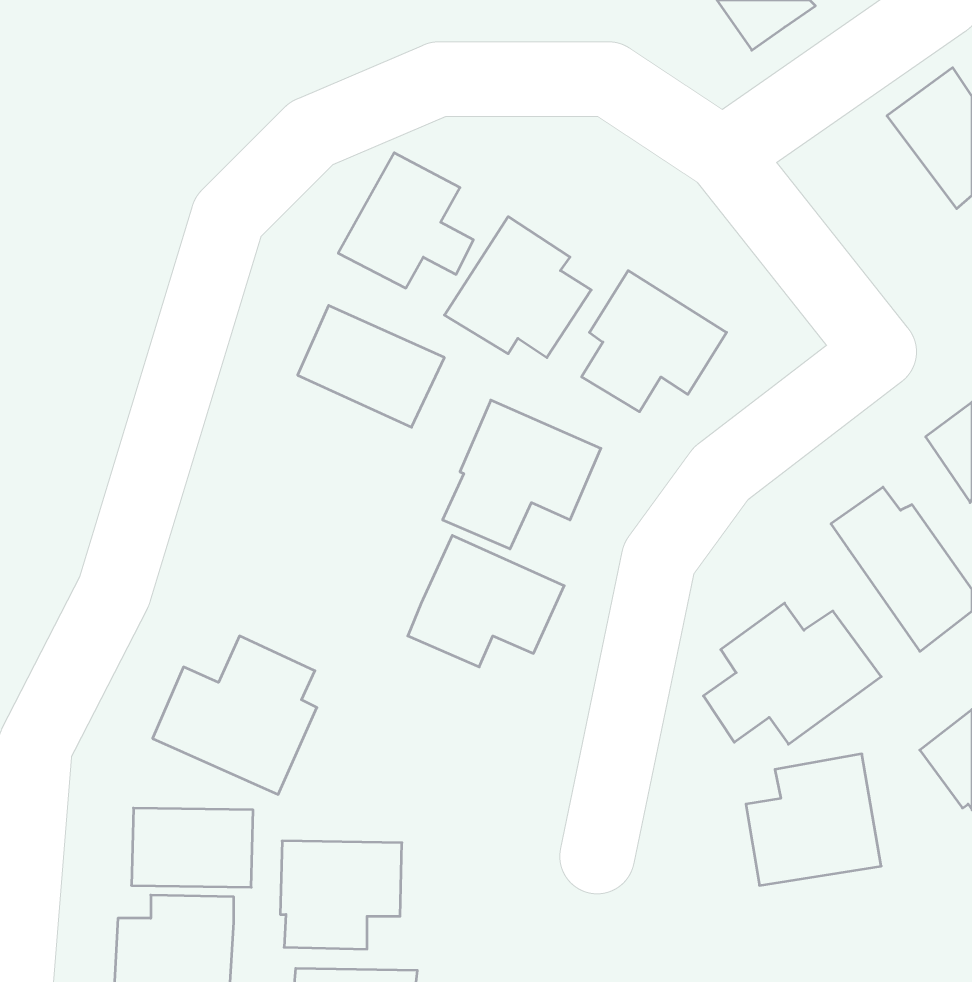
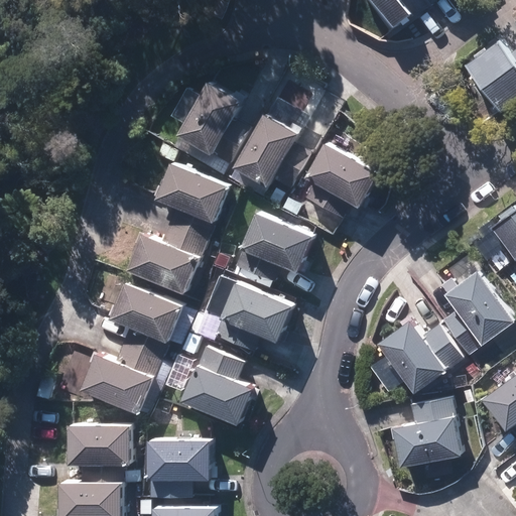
building: none -> [126,215,210,297]
building: none -> [110,281,192,349]
building: none -> [179,348,250,424]

